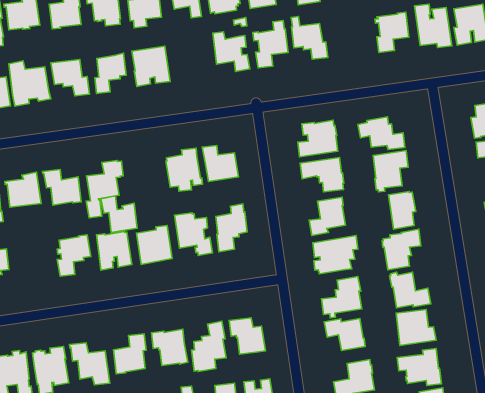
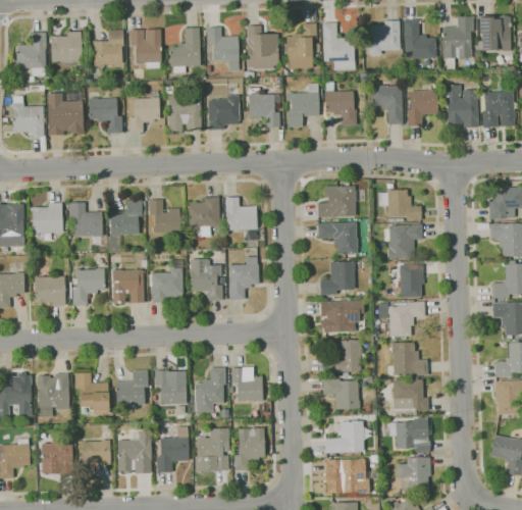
building: none -> [371,85,403,124]
building: none -> [209,95,241,130]
building: [101,196,137,232] -> [149,199,180,234]
building: none -> [34,276,65,306]

